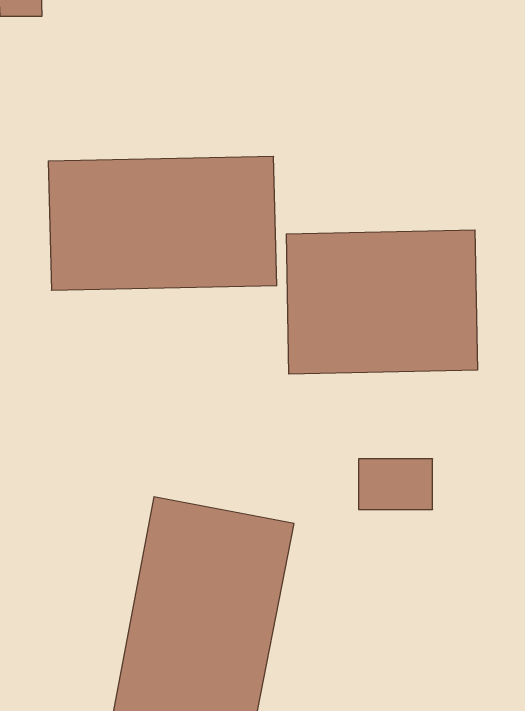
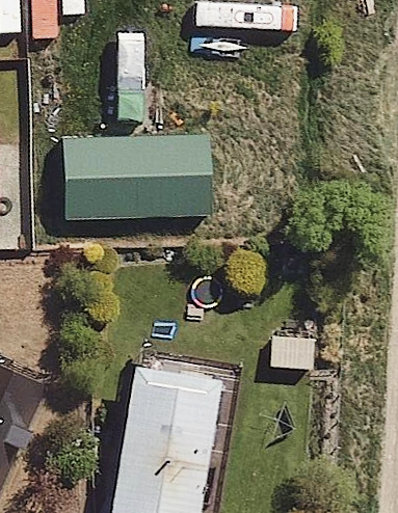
building: [286,230,477,374] -> none

